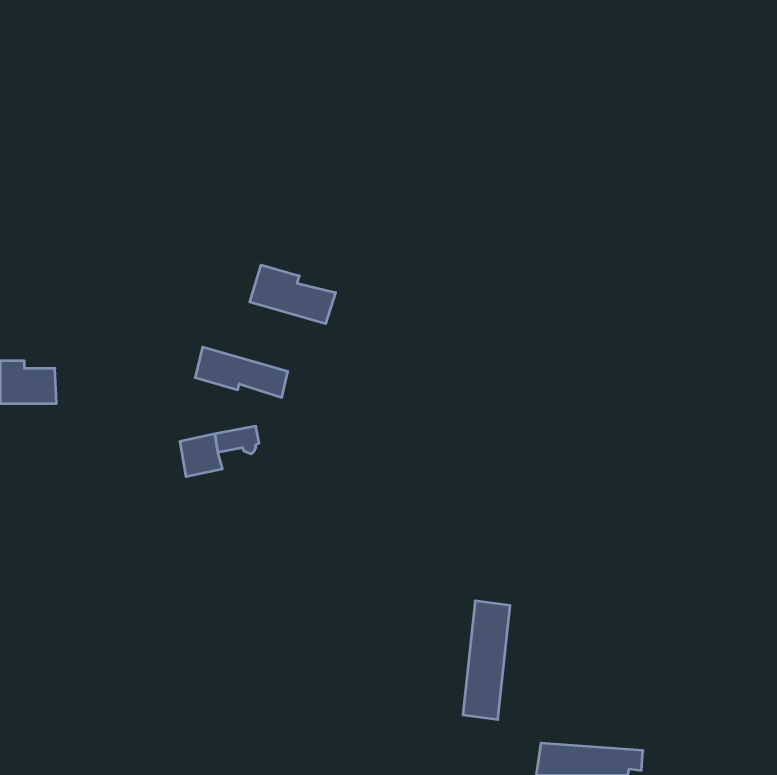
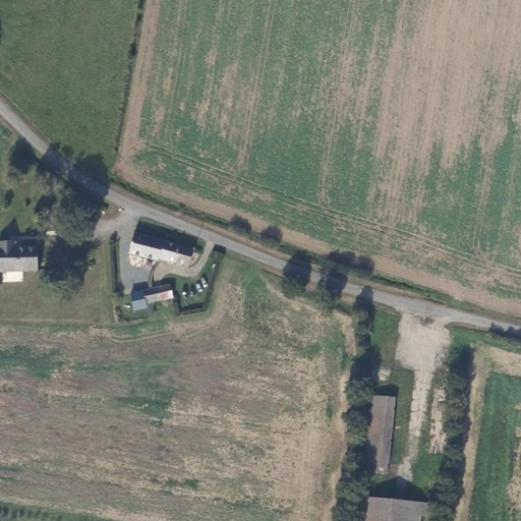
building: [250,265,336,324] -> none
building: [463,601,510,720] -> [363,394,395,473]

